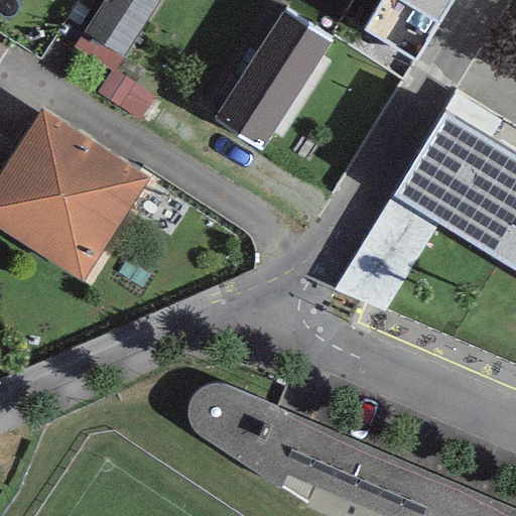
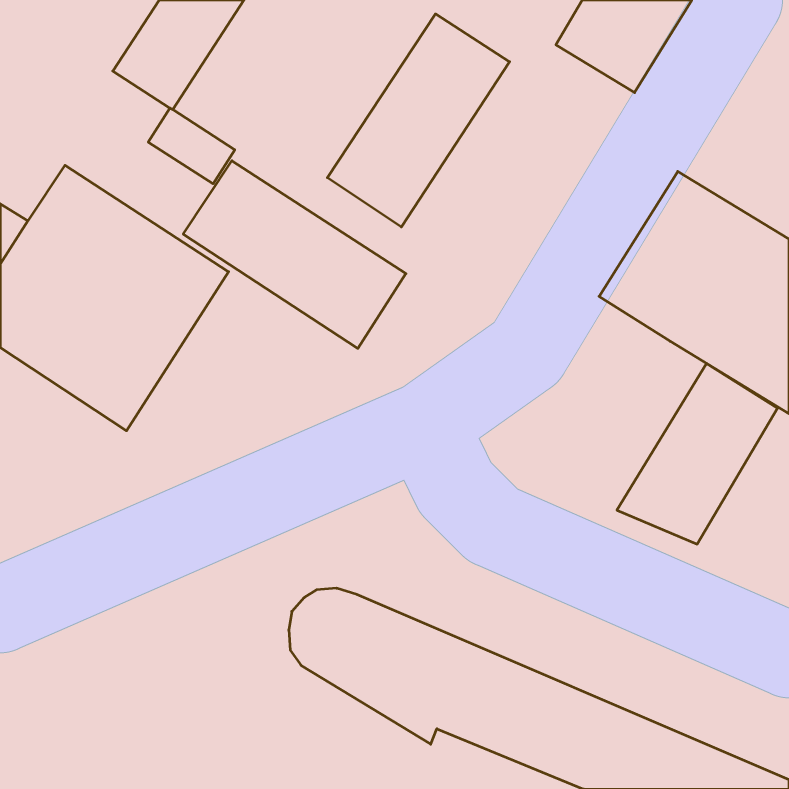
building: none -> [183,161,406,348]
building: [333,194,437,311] -> [617,363,778,544]

